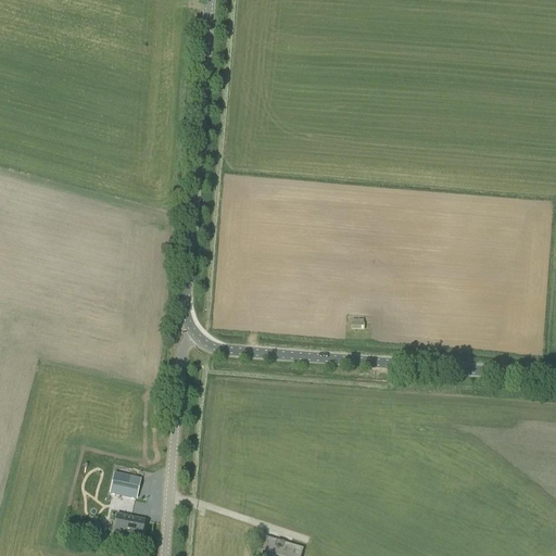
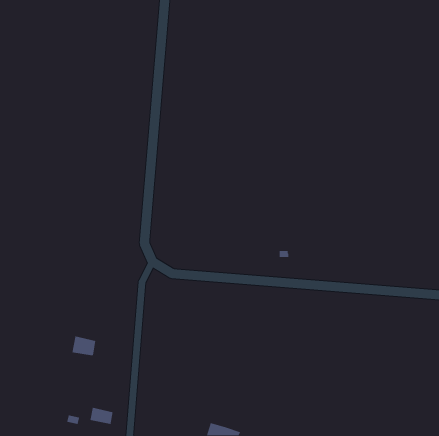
building: [110,471,141,498] -> [71,335,96,357]

